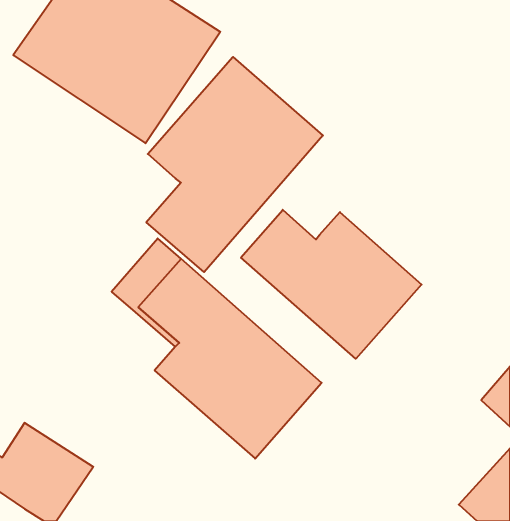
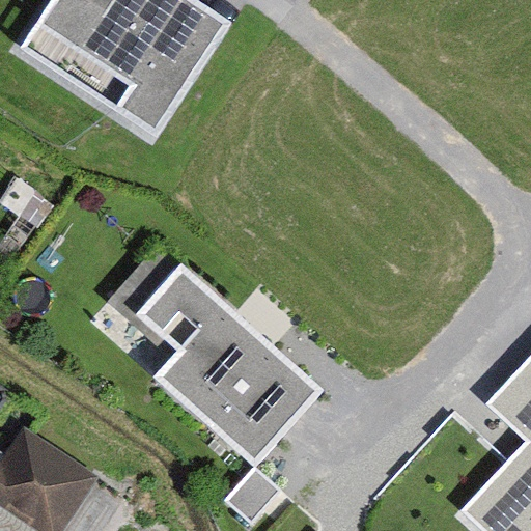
building: [146,57,323,272] -> none
building: [241,210,422,359] -> none

